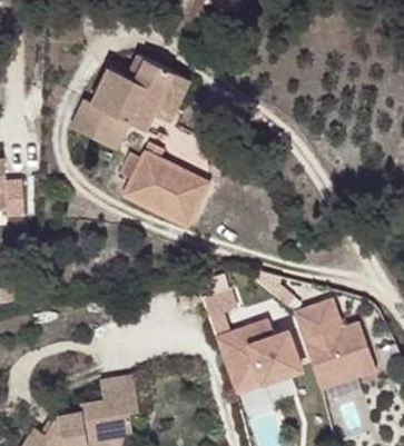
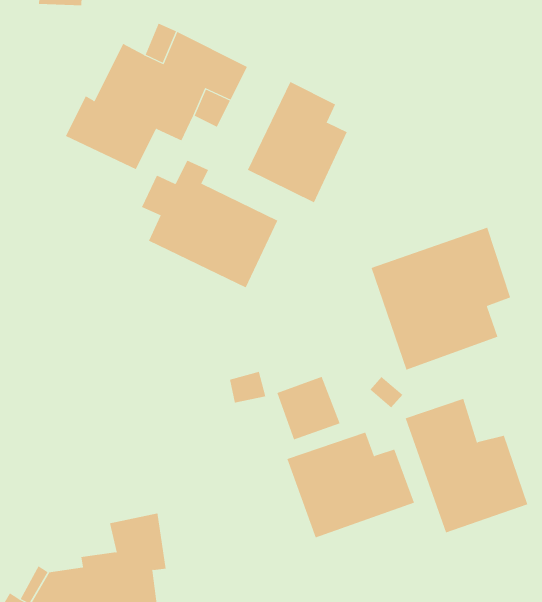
building: none -> [247,81,347,203]
building: none -> [371,227,511,371]

